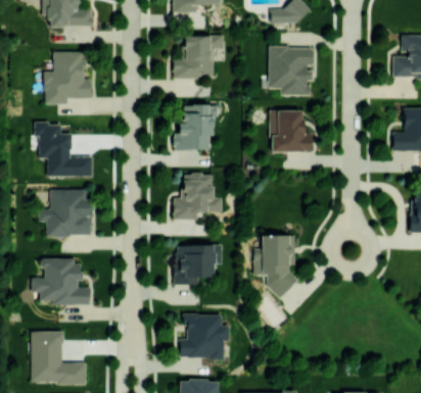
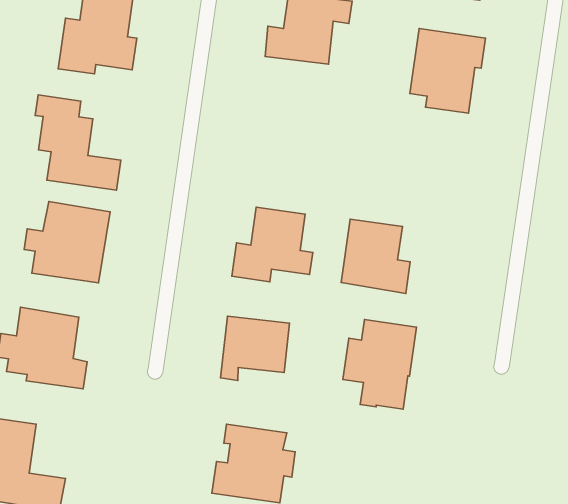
building: [174,104,220,149] -> none
building: [271,110,313,152] -> [341,219,410,293]

